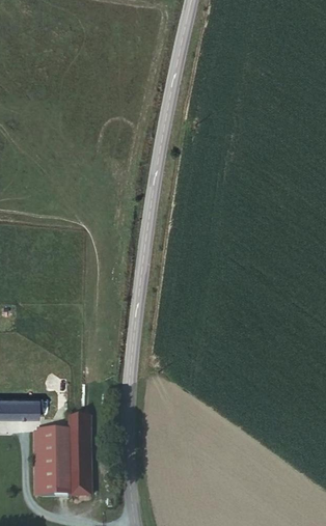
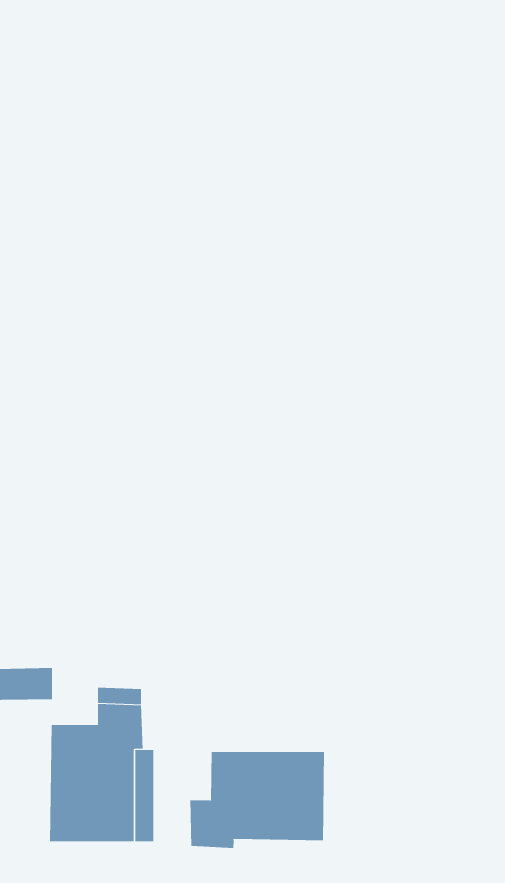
building: none -> [190,751,325,849]

